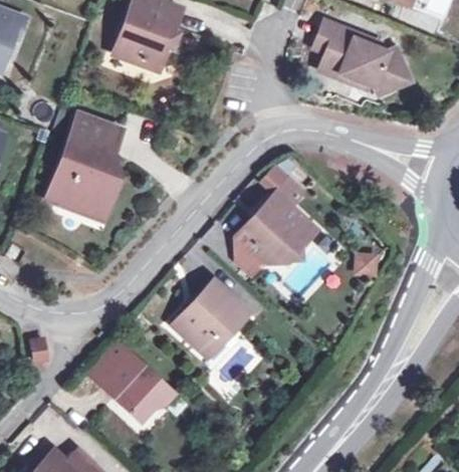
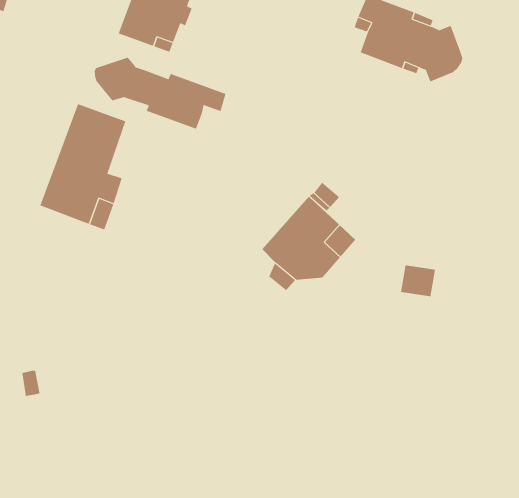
building: none -> [94,57,226,129]
building: [172,278,249,352] -> none
building: [90,342,175,422] -> none

